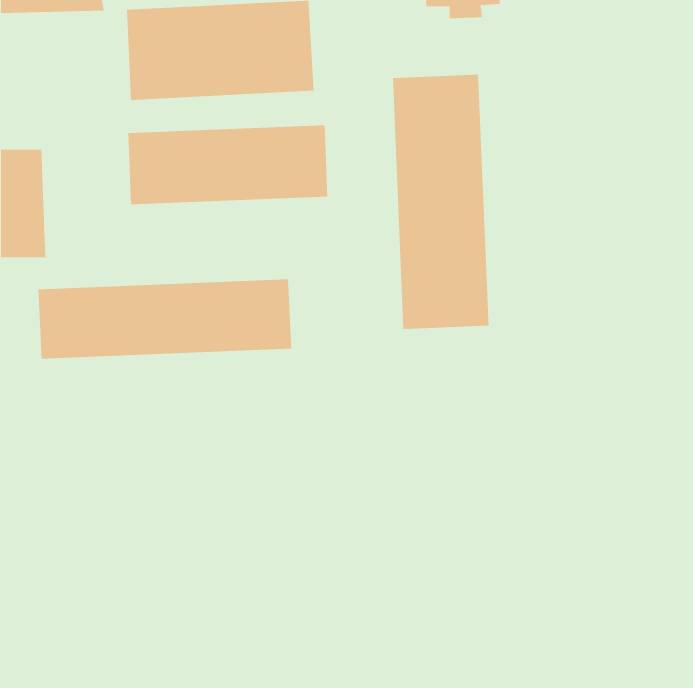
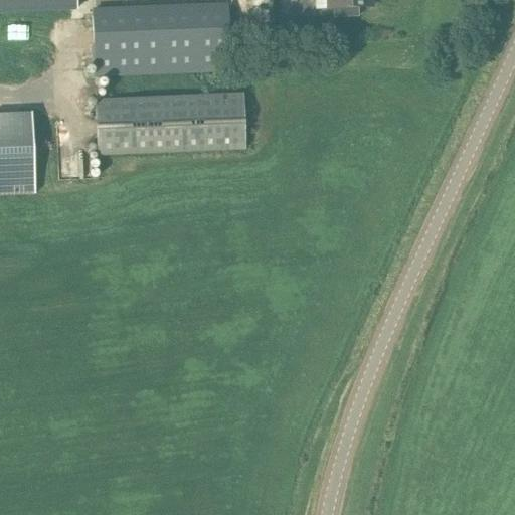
building: [393,74,489,330] -> none
building: [38,278,292,360] -> none

